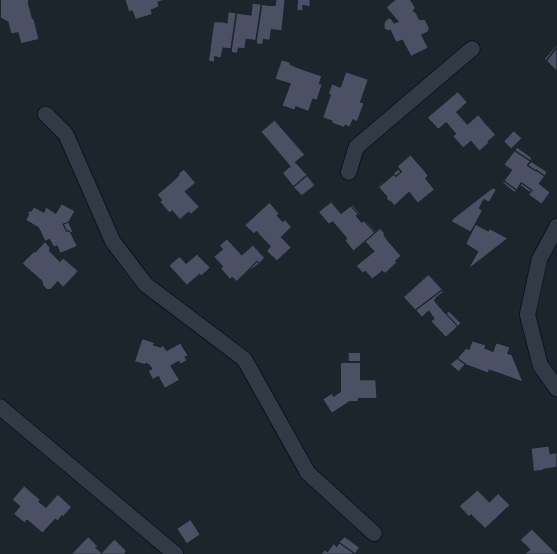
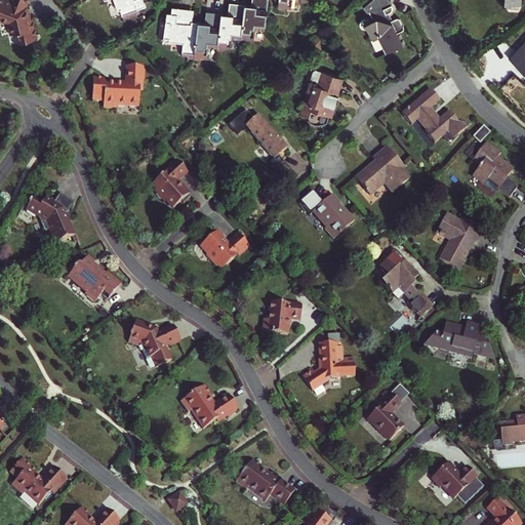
building: none -> [161,5,201,57]
building: [275,60,322,111] -> none
building: none -> [92,67,140,109]
building: [451,188,497,232] -> [439,225,482,267]
building: [245,202,292,261] -> none
building: [356,228,401,280] -> none
building: [22,242,78,290] -> [67,254,120,299]
building: [169,254,210,286] -> none
building: none -> [261,298,300,331]
building: none -> [179,386,239,430]
building: none -> [367,391,403,440]
building: none -> [236,457,295,503]

